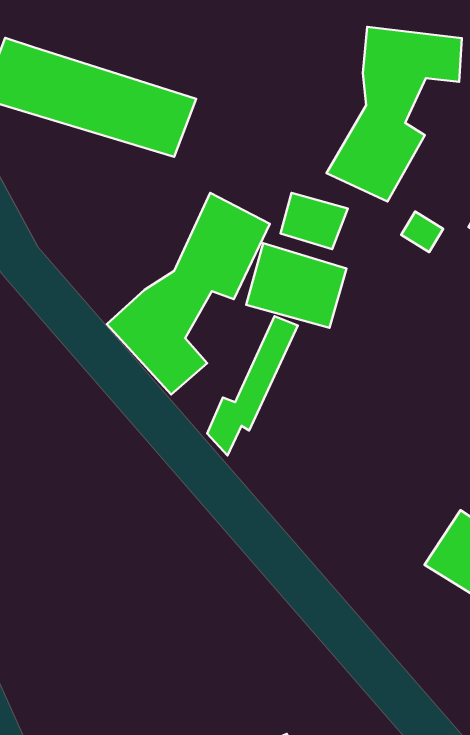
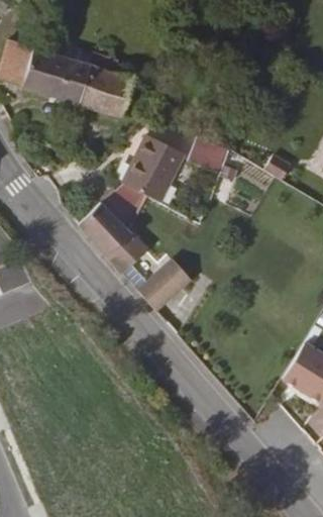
building: [326,27,462,202] -> none
building: [246,243,347,328] -> none

